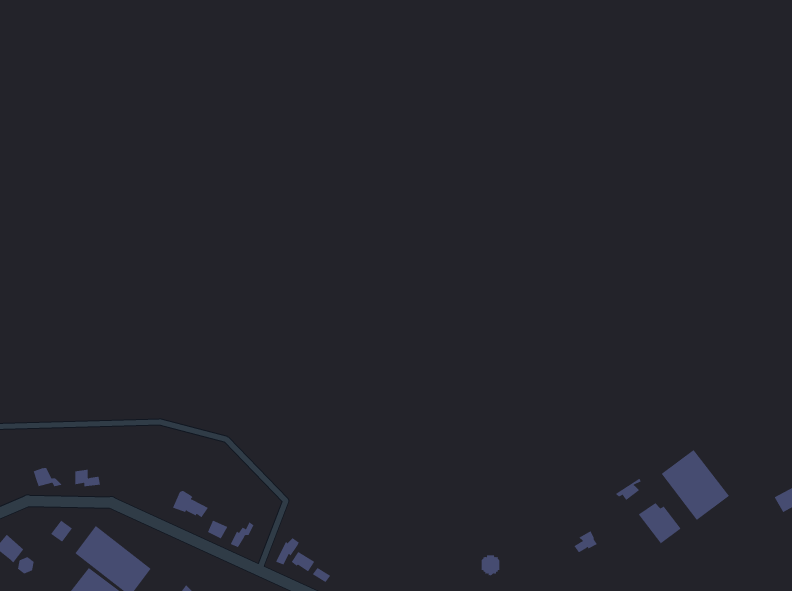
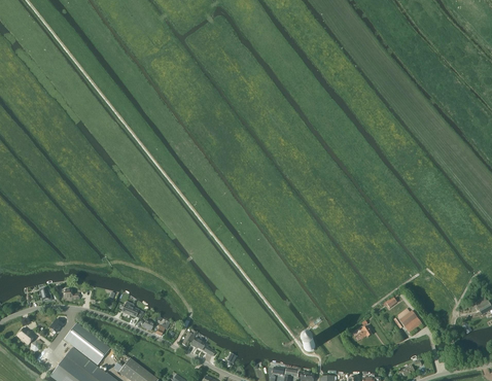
building: [661,449,730,521] -> none

